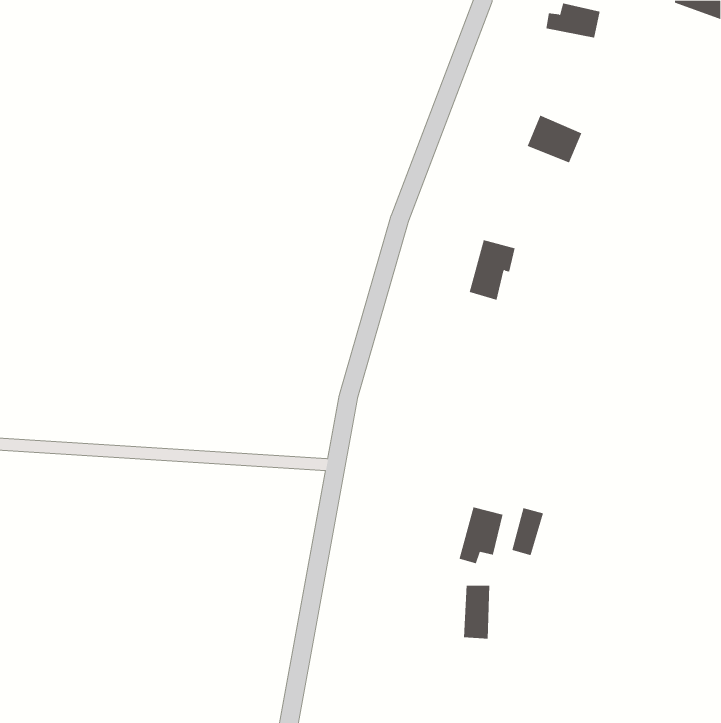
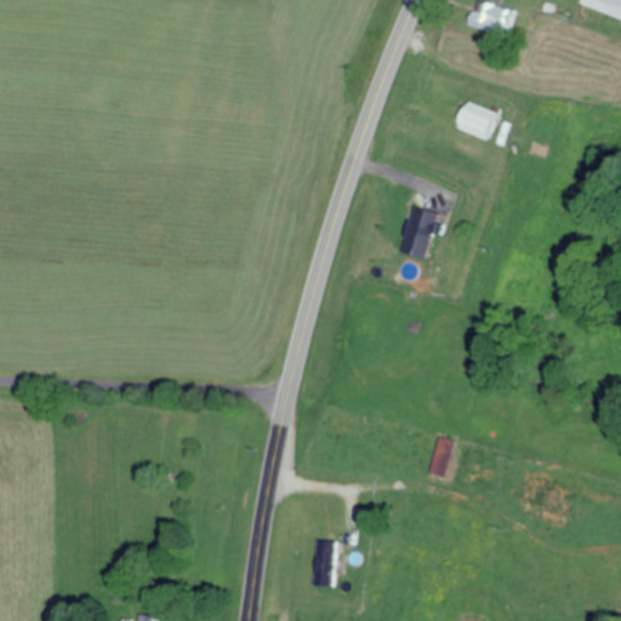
building: [459,506,503,564] -> none
building: [463,585,490,639] -> [319,540,342,586]

